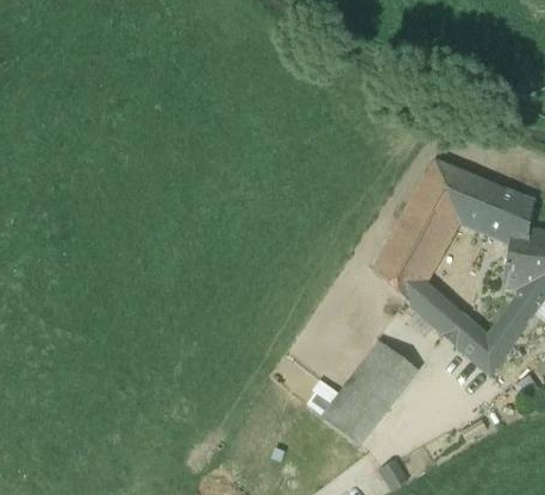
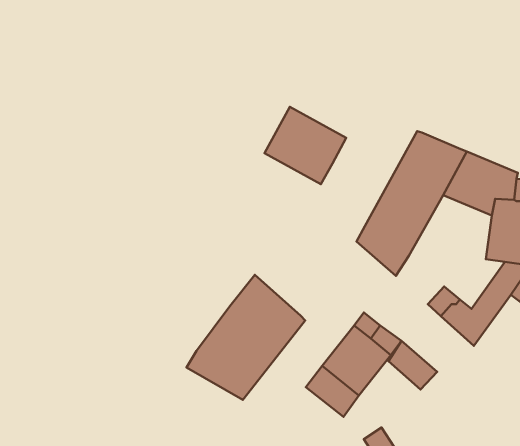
building: none -> [265,107,346,184]
building: [413,283,462,332] -> [389,341,437,390]
building: none -> [186,275,305,400]

